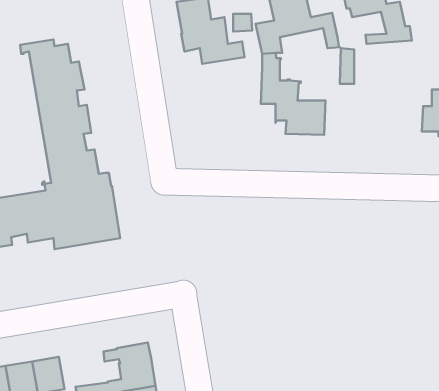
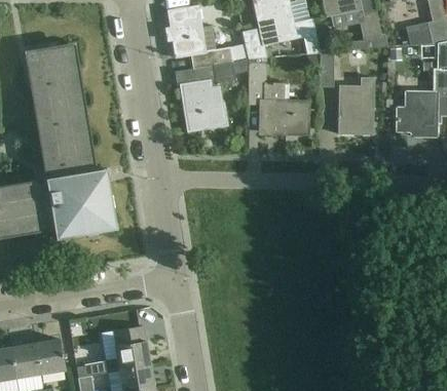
building: none -> [180,58,248,130]
building: none -> [337,79,372,134]

